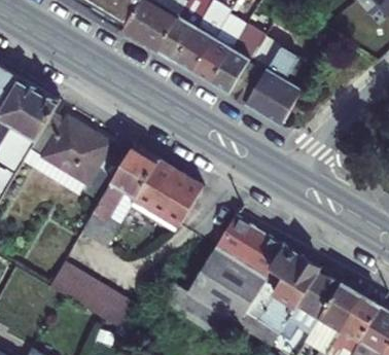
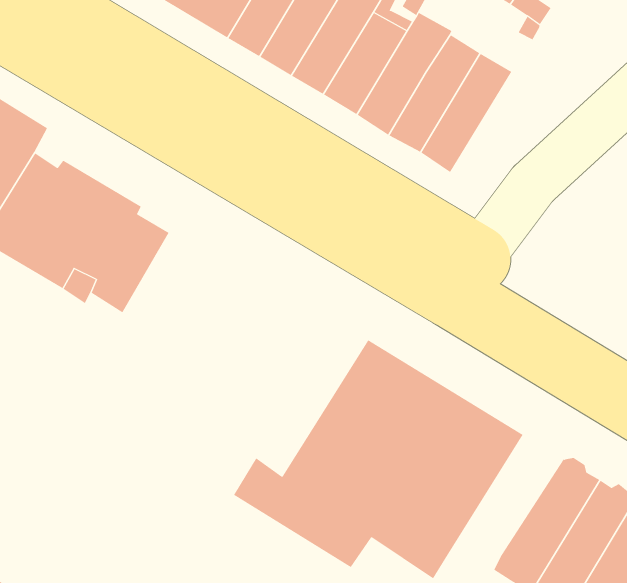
building: [83,145,204,247] -> none
building: [49,262,134,329] -> none
building: [280,269,343,342] -> none

